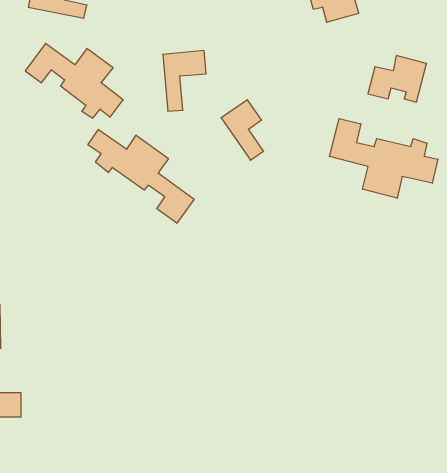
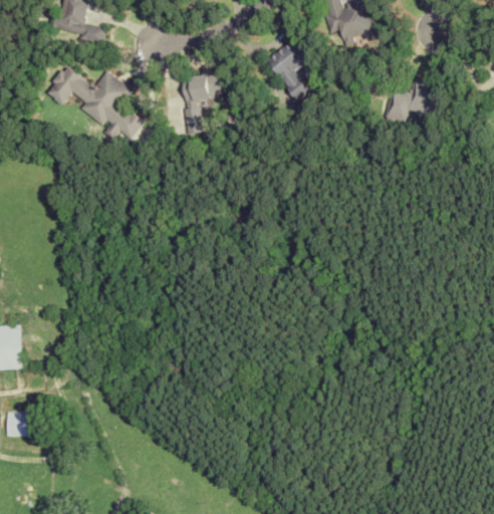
building: [221,100,264,160] -> [267,40,309,100]
building: [330,119,438,198] -> none
building: [88,129,194,223] -> none

